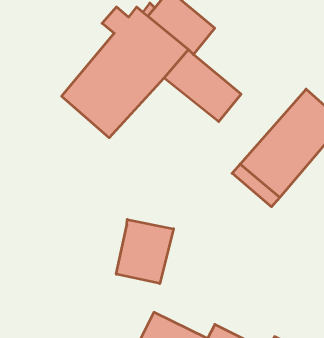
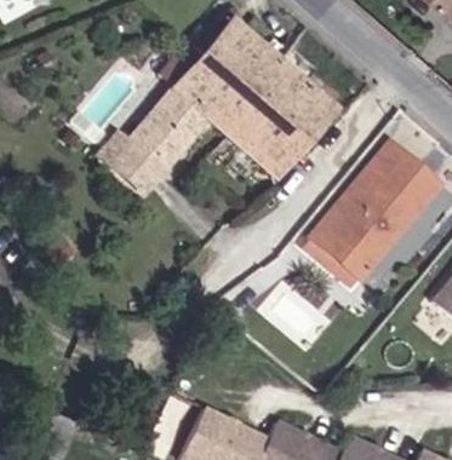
building: none -> [250,50,331,144]
building: [116,219,174,284] -> none

